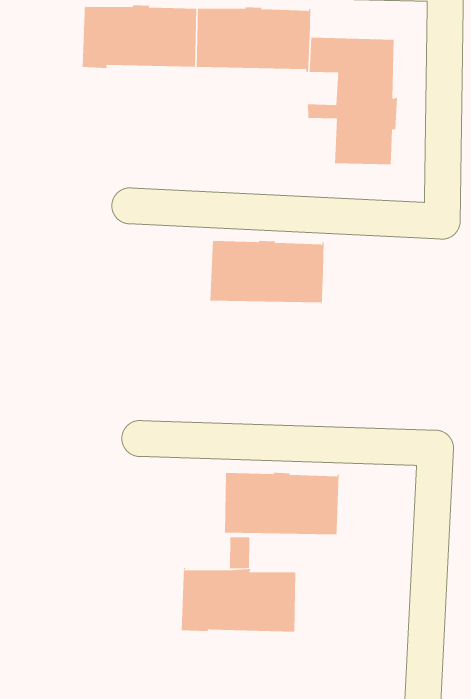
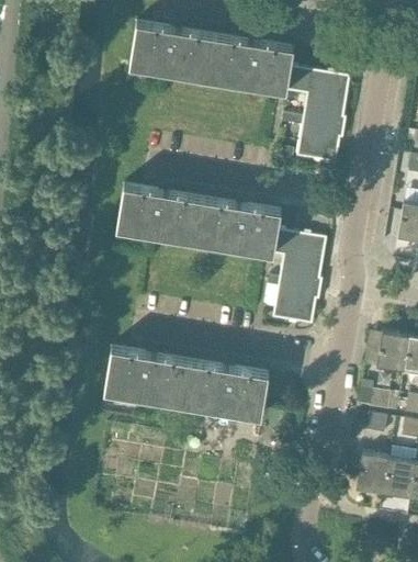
building: none -> [117,184,203,240]
building: none -> [268,231,326,326]
building: [181,567,296,632] -> [104,347,190,403]

